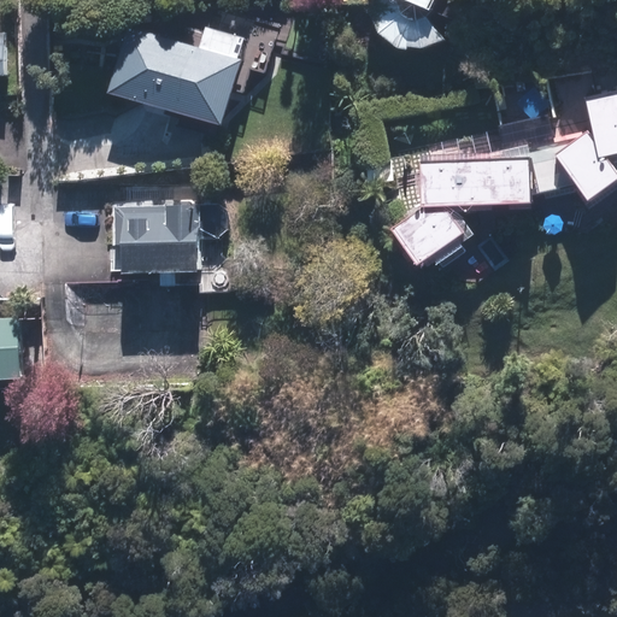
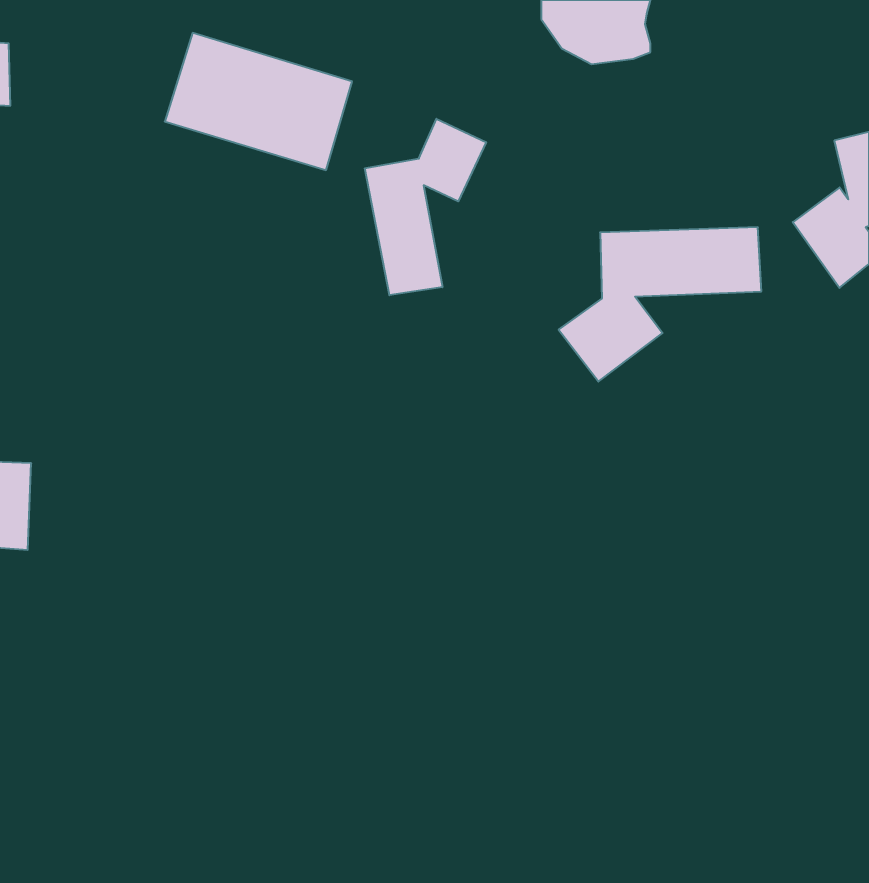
building: none -> [365,119,486,295]
building: [105,206,221,268] -> none

